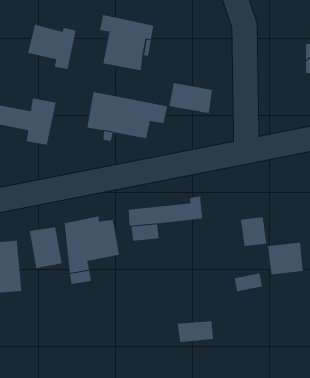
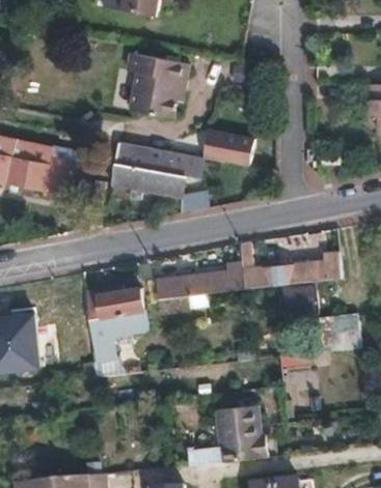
building: [28,24,76,70] -> none
building: none -> [243,248,342,286]
building: [29,227,62,269] -> none
building: none -> [218,424,267,461]

